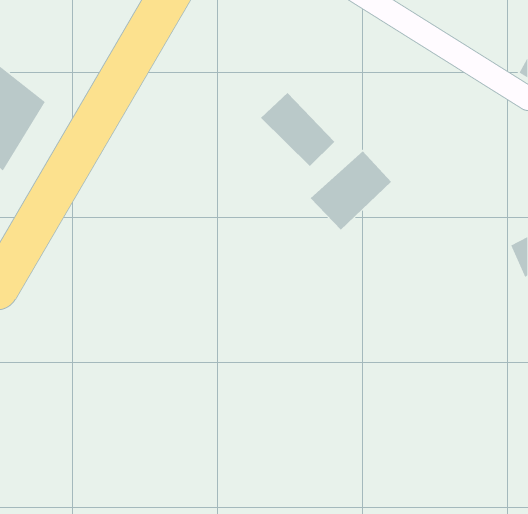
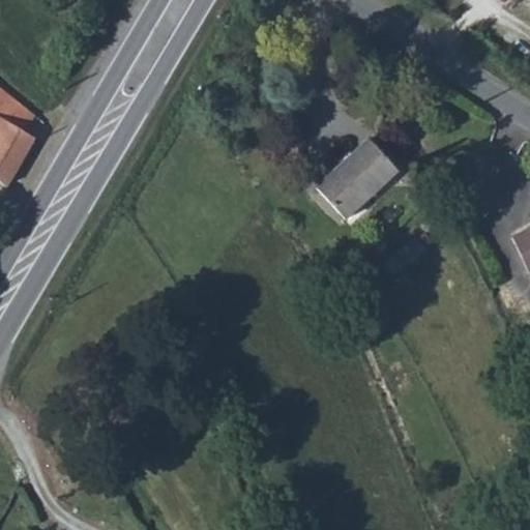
building: [260,92,335,167] -> none

